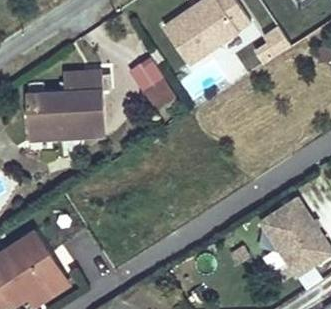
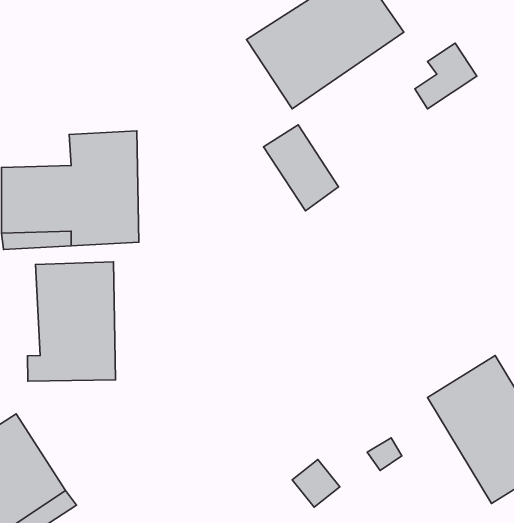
building: [131,63,172,110] -> [263,125,338,211]
building: none -> [28,262,116,381]

